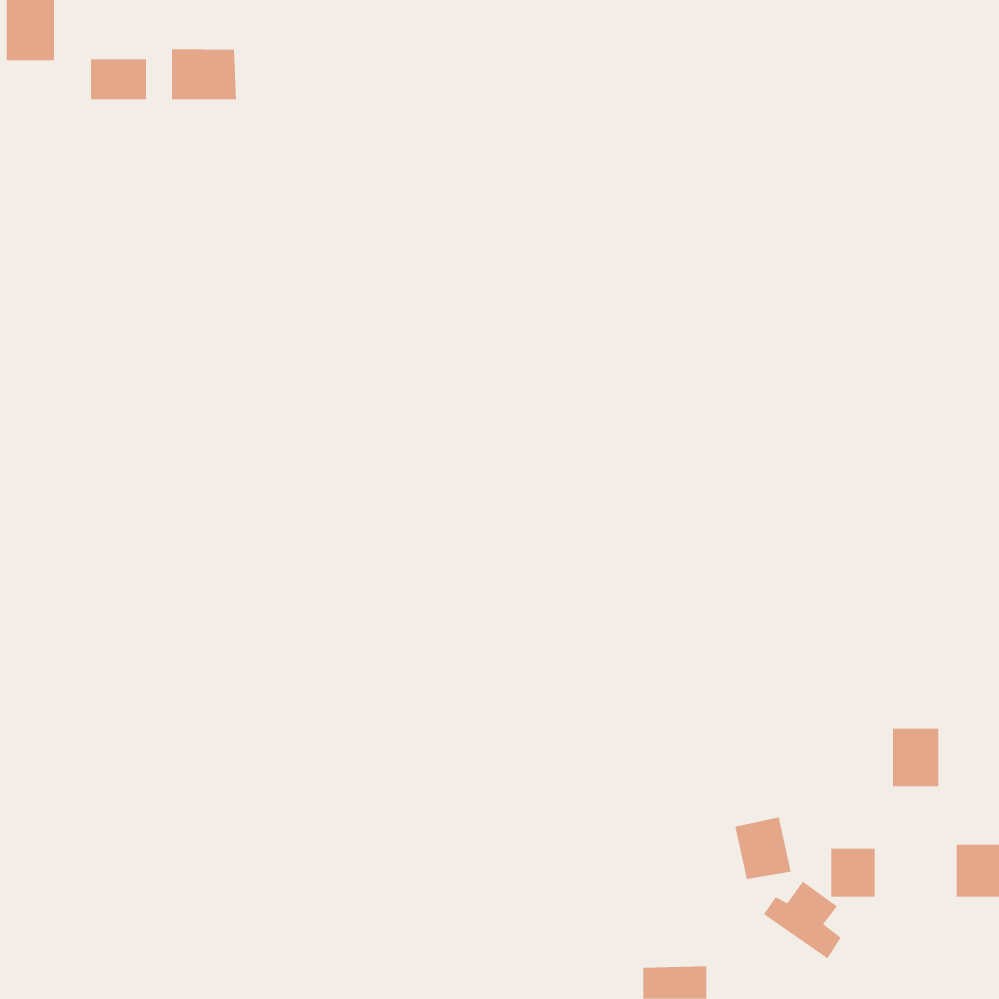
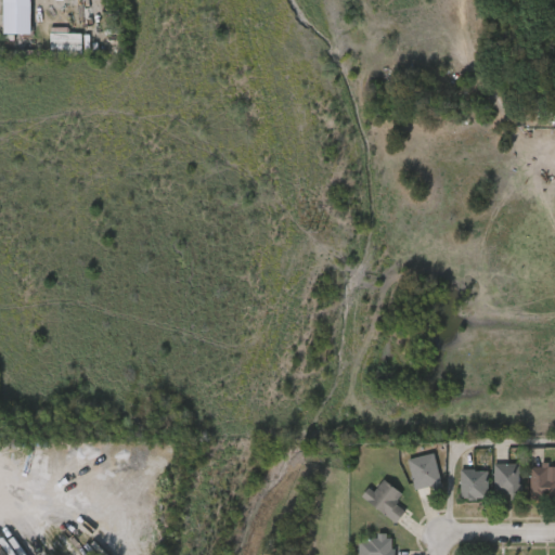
building: [171,49,236,100] -> none
building: [892,728,939,787] -> [494,463,520,495]
building: [763,881,842,959] -> [360,478,403,521]

